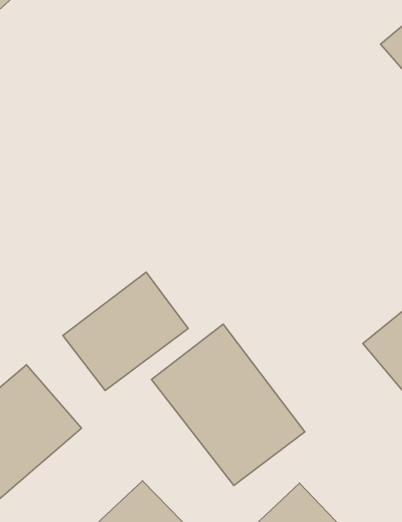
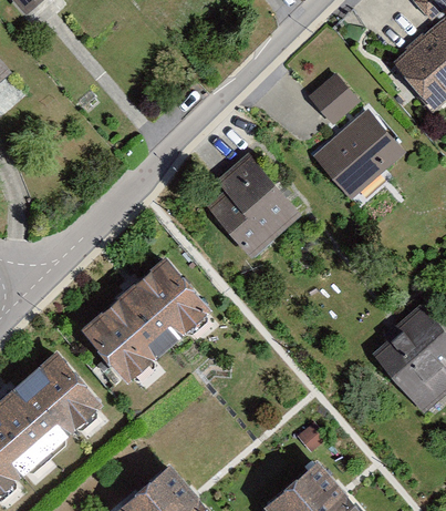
building: none -> [302,65,398,193]
building: none -> [209,149,304,243]
building: [152,324,305,486] -> none

